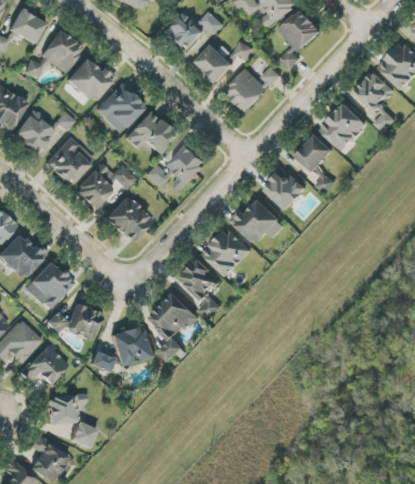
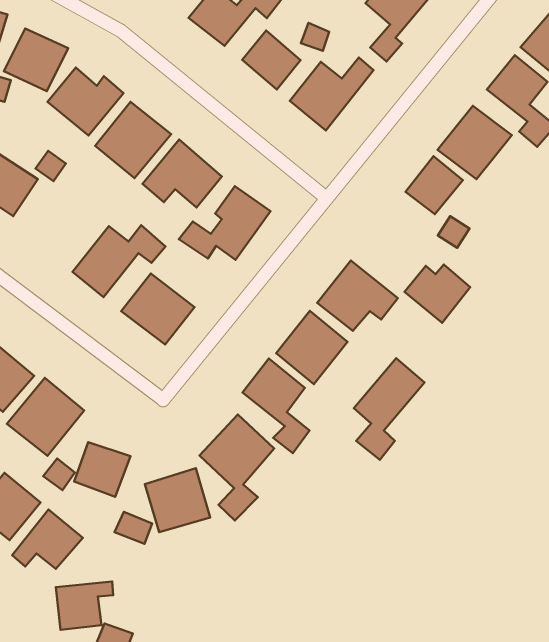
building: [45,137,94,186] -> none
building: [263,172,306,210] -> [405,264,470,323]
building: none -> [354,358,425,460]

